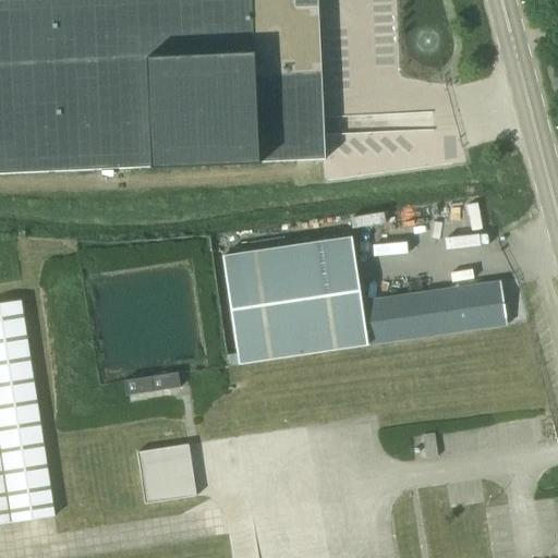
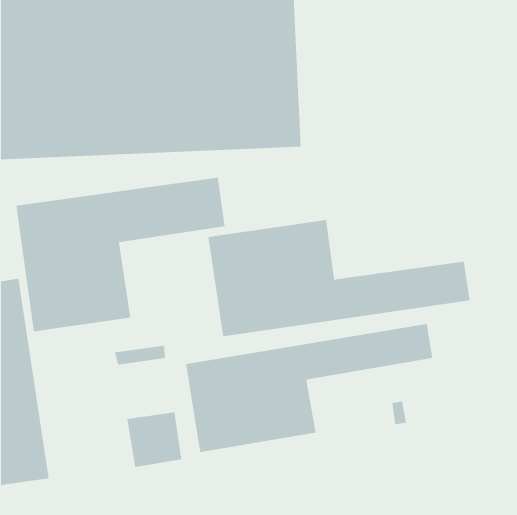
building: none -> [16,177,225,332]
building: none -> [186,323,433,453]

